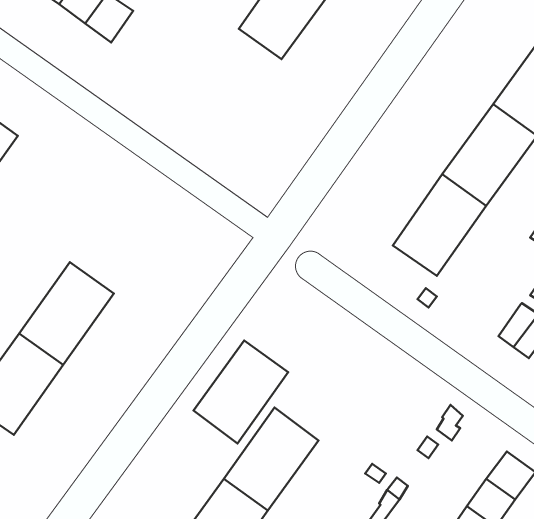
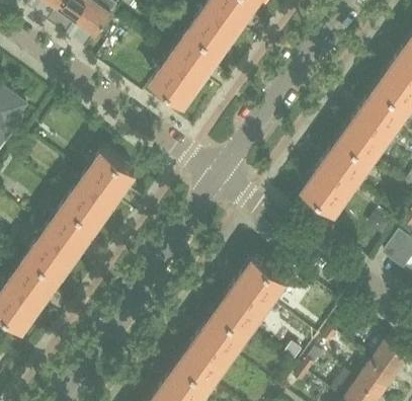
building: none -> [153,29,222,104]
building: none -> [66,150,136,225]
building: [193,341,288,444] -> [217,257,286,333]

